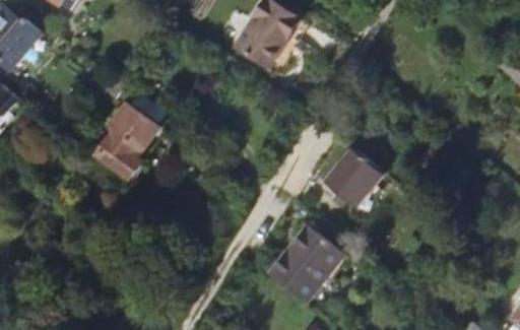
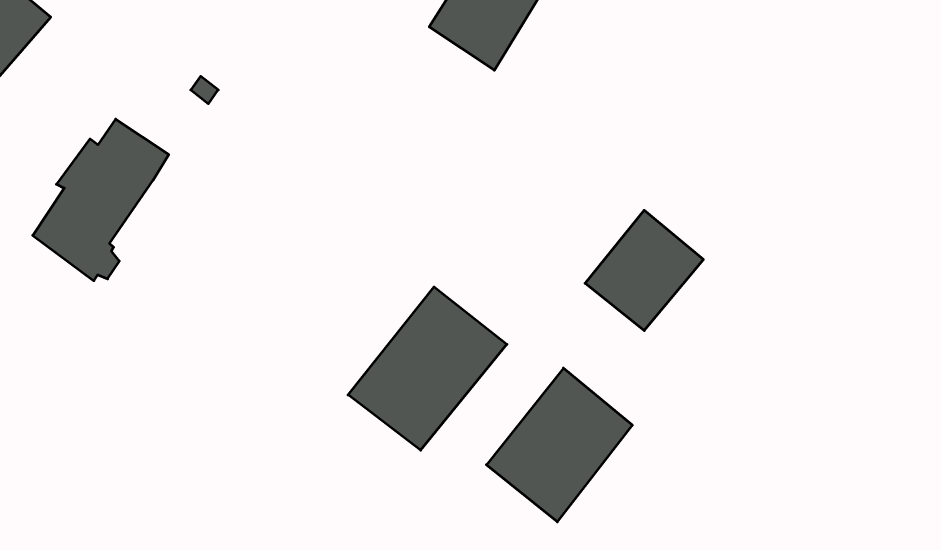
building: [96,93,167,177] -> [33,119,169,281]
building: none -> [348,287,507,450]

